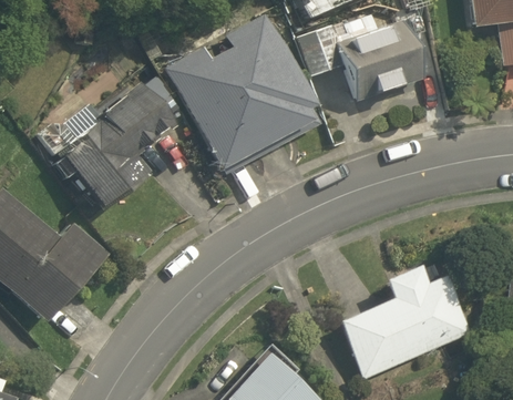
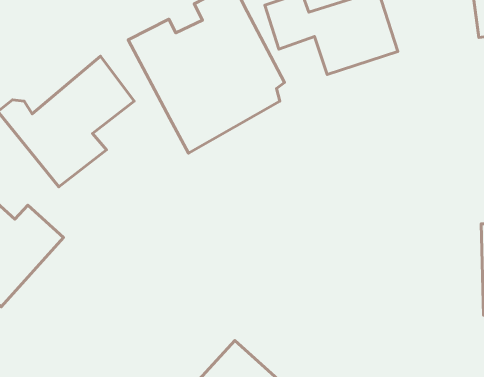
building: [340,266,472,379] -> none

